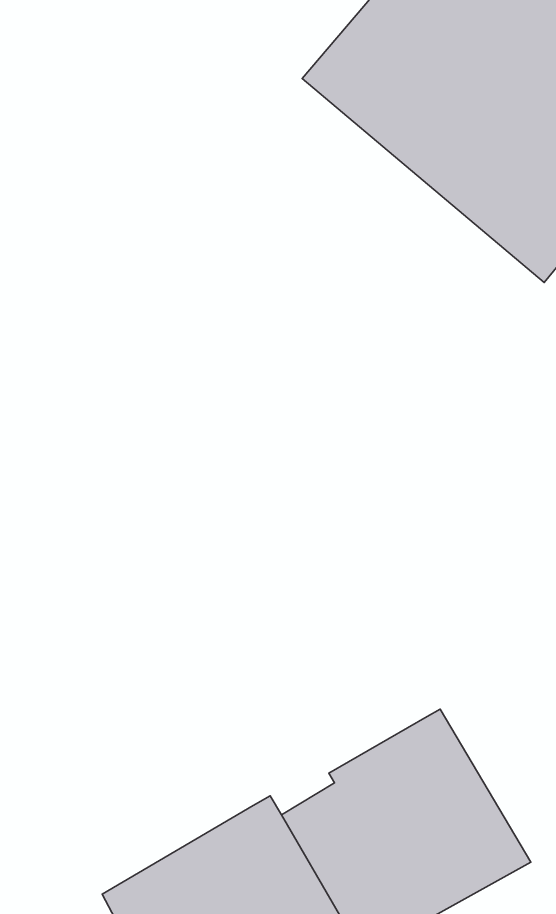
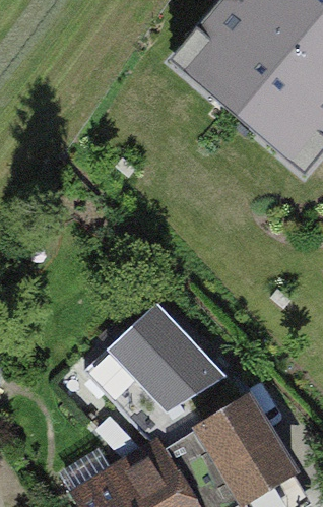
building: none -> [85,306,246,450]

